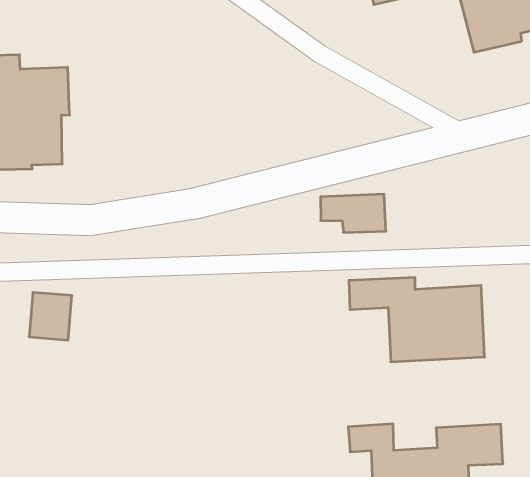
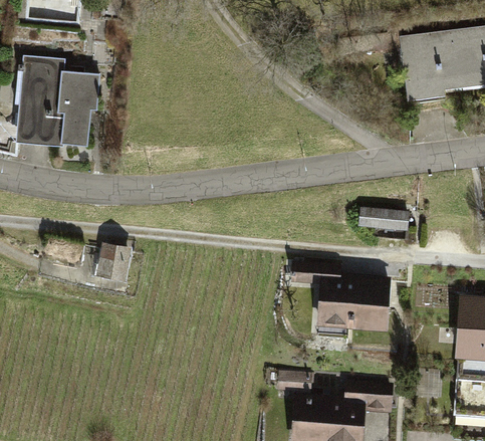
building: [321,194,386,232] -> [359,208,410,240]
building: [29,292,72,340] -> [95,242,132,281]

